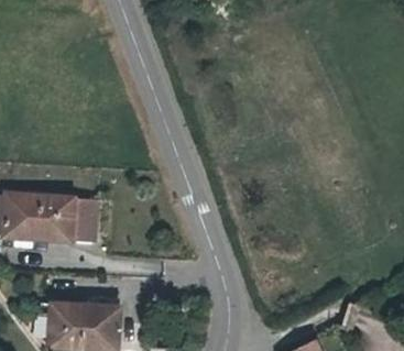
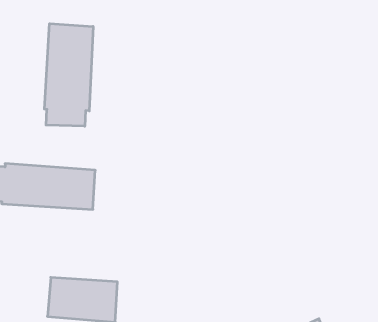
building: none -> [44,24,93,126]

